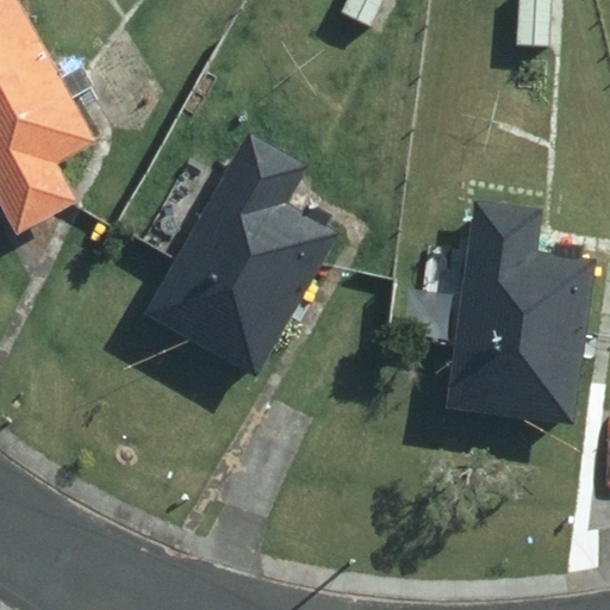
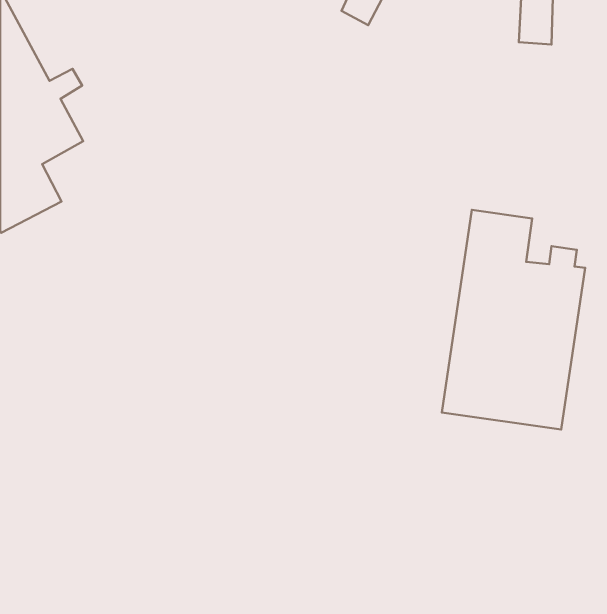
building: [148,141,328,372] -> none

